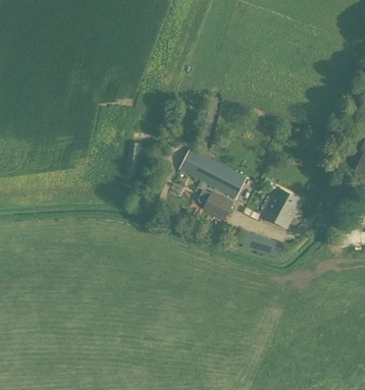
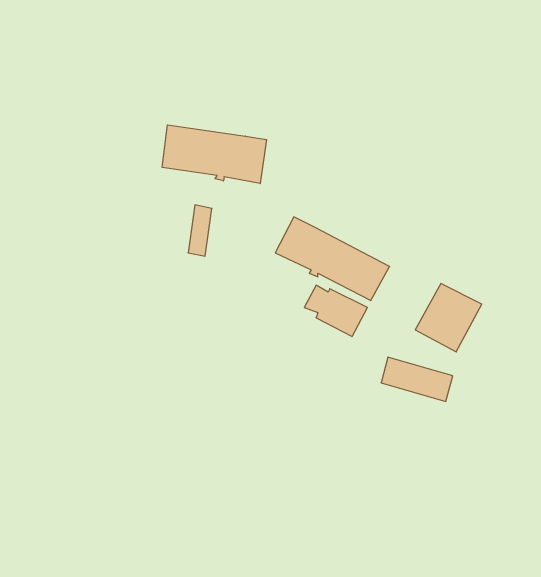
building: none -> [162,125,267,184]

